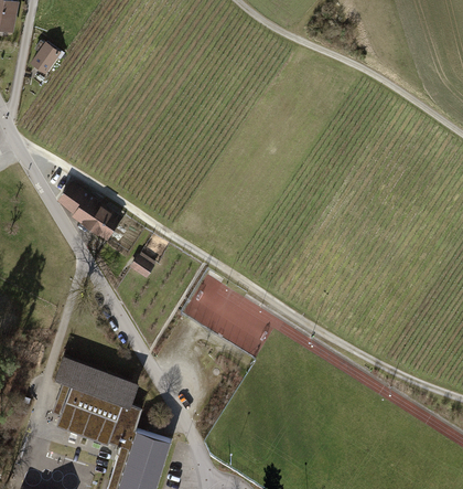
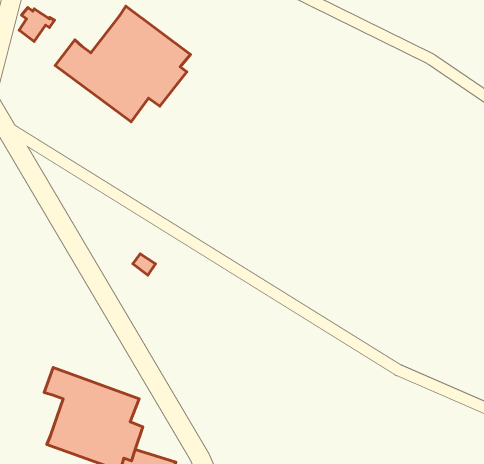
building: none -> [55,6,190,122]
building: [62,187,119,238] -> none

